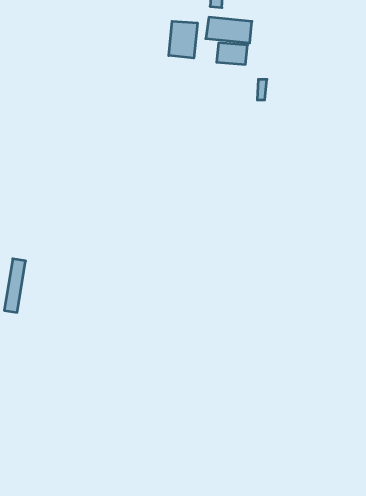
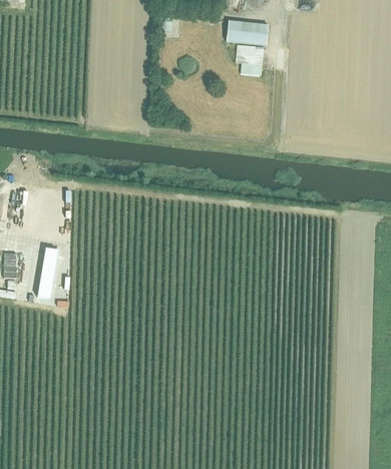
building: [169,21,197,58] -> none

